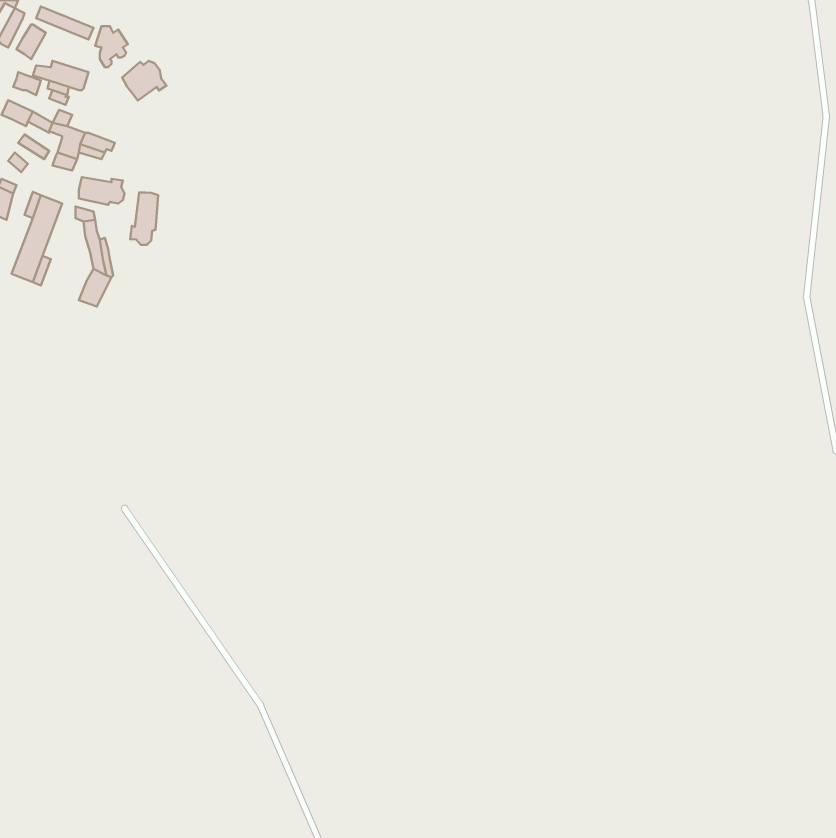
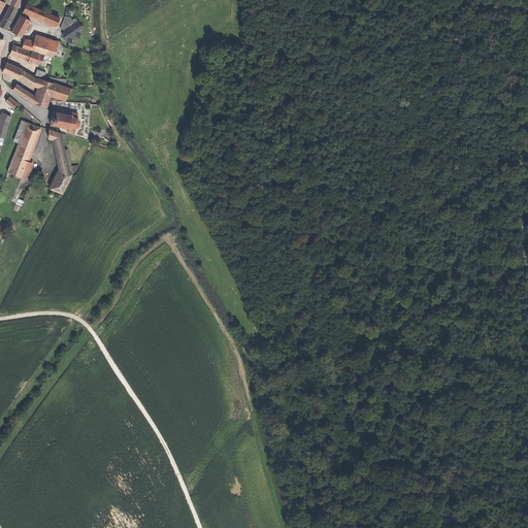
building: [122,61,167,101] -> none
building: [130,193,158,245] -> none

